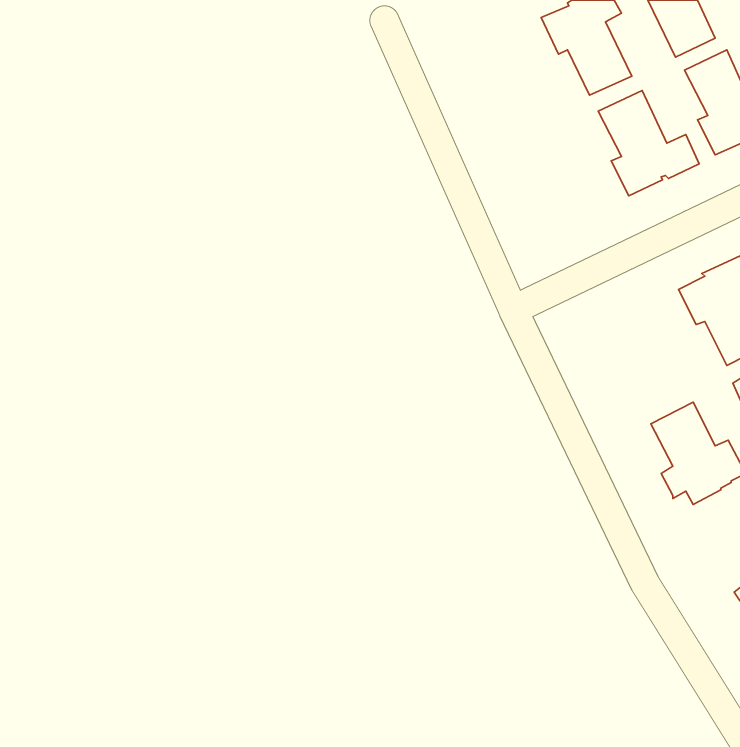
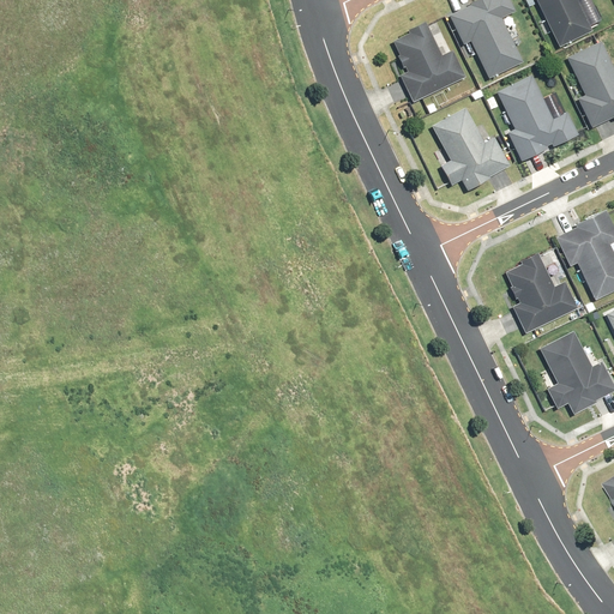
building: none -> [393,20,466,102]
building: none -> [432,107,511,191]
building: none -> [506,252,579,332]

